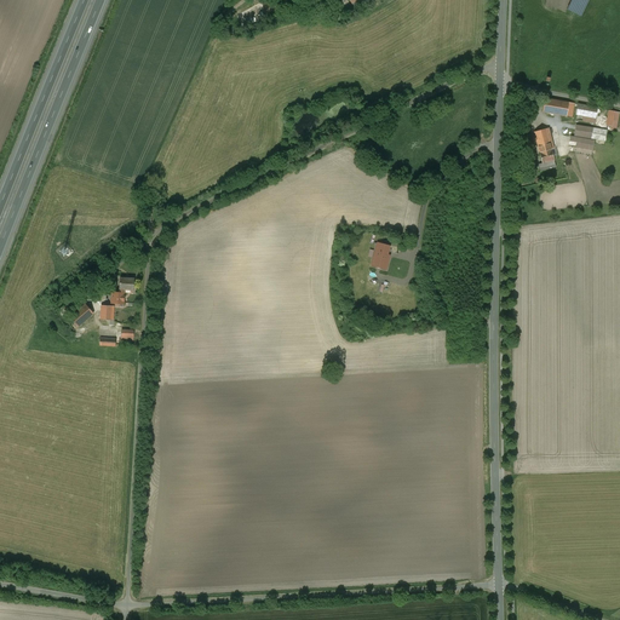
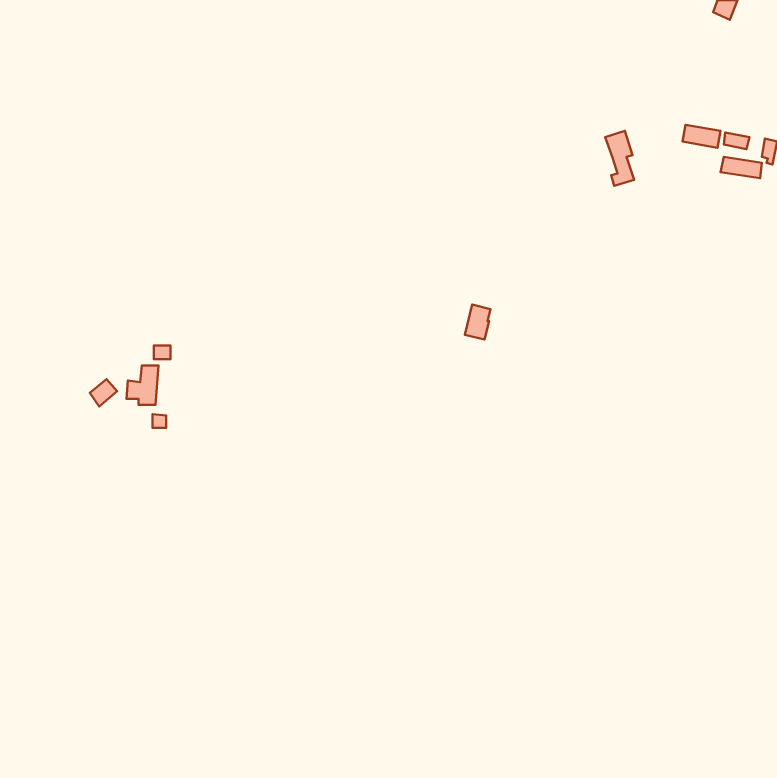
building: [532,128,555,172] -> [605,131,634,186]

